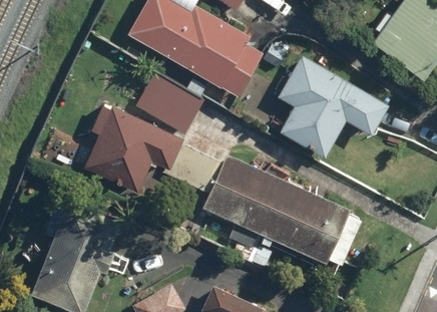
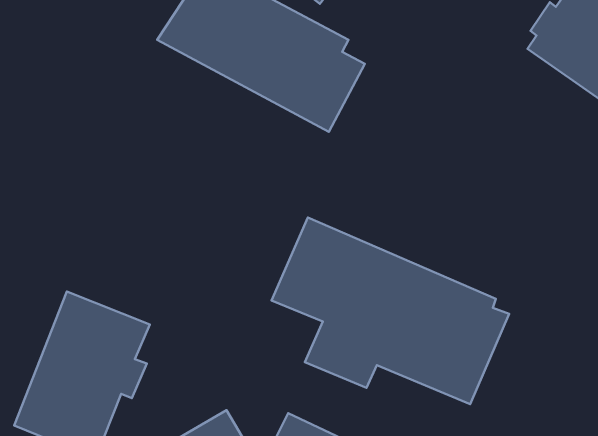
building: [276,64,389,159] -> none
building: [135,73,202,134] -> none
building: [85,96,186,193] -> none

